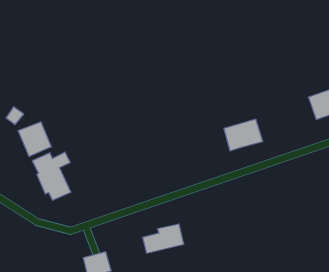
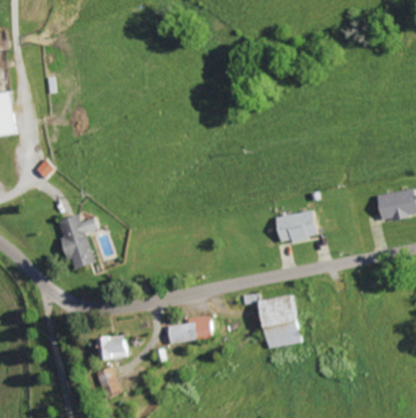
building: [18,122,51,157] -> none
building: none -> [259,294,299,347]

